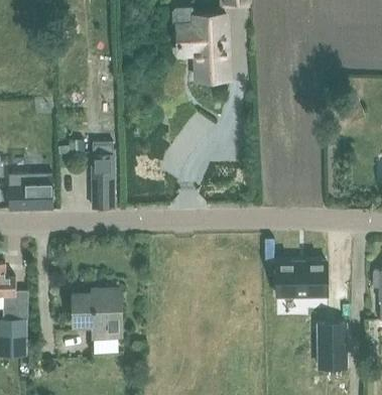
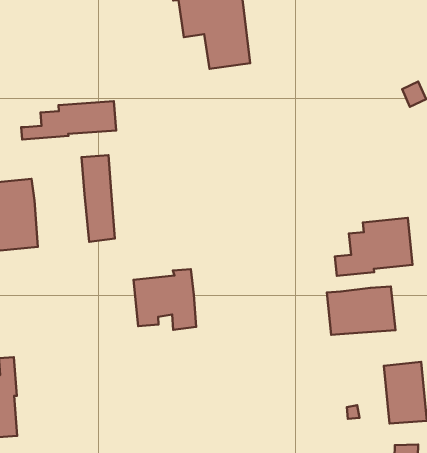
building: none -> [21,101,116,139]
building: none -> [335,218,413,276]
building: [74,289,120,336] -> [133,269,196,330]

